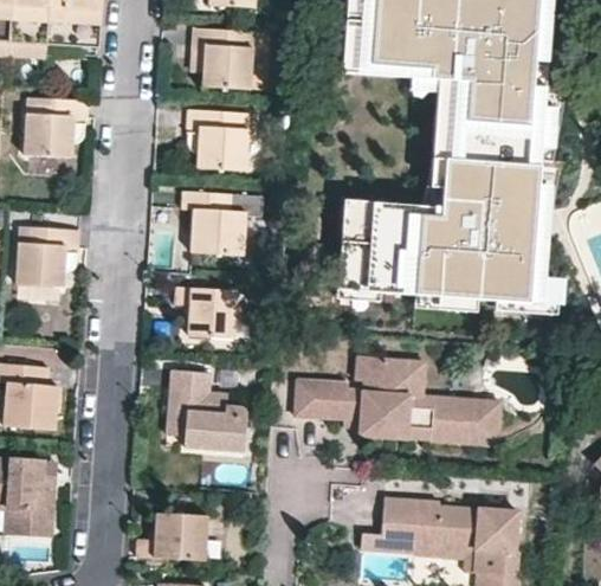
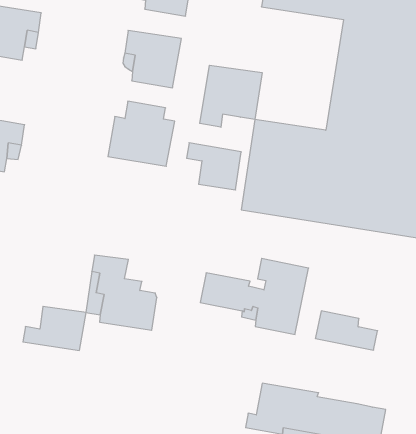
building: none -> [200,65,262,127]
building: [172,286,233,335] -> [187,143,241,190]
building: [408,361,504,439] -> none
building: [138,513,207,559] -> [23,306,86,350]

